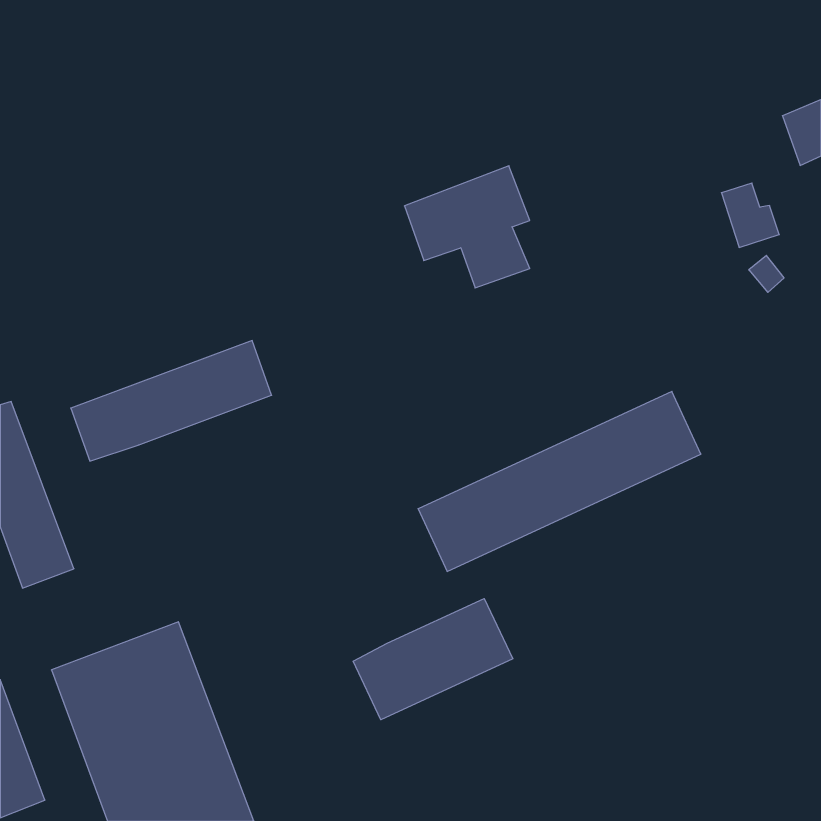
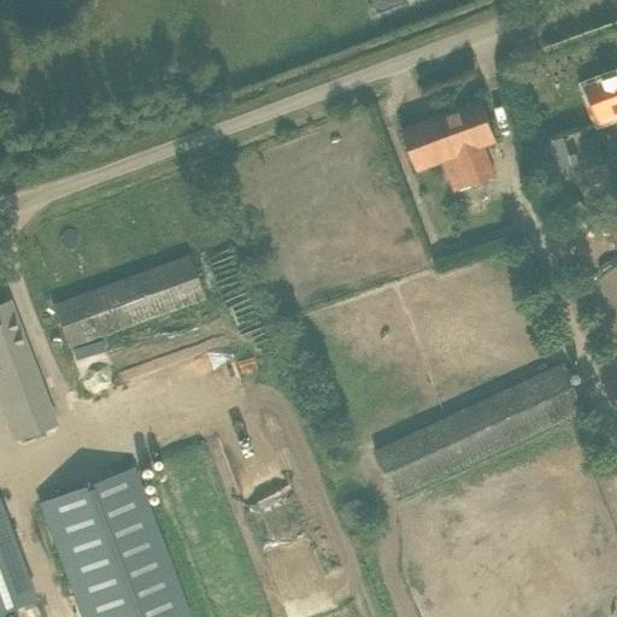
building: [404,166,530,288] -> [402,100,496,192]
building: [418,391,701,571] -> [374,363,586,498]
building: [353,599,513,720] -> none

